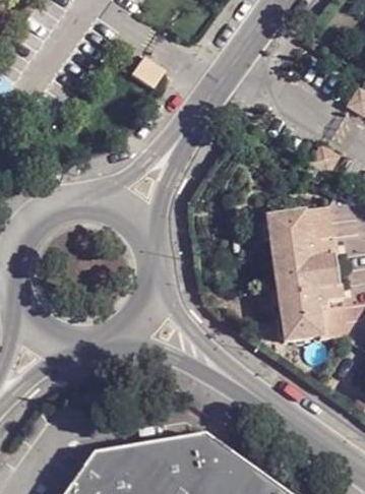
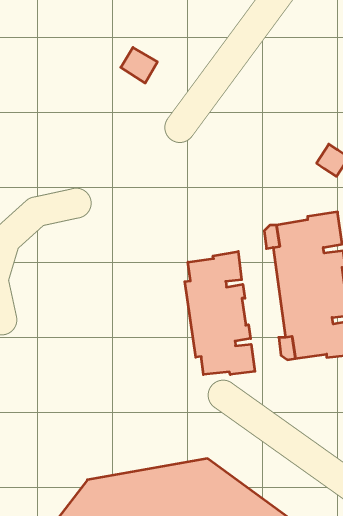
building: none -> [185,251,255,375]

